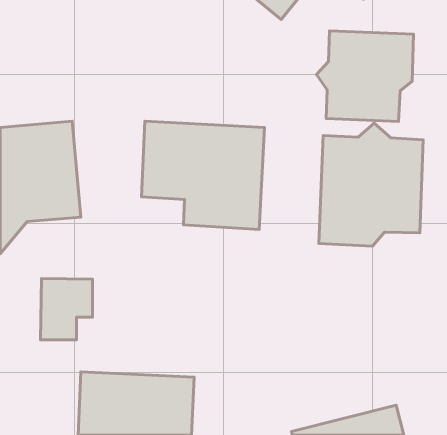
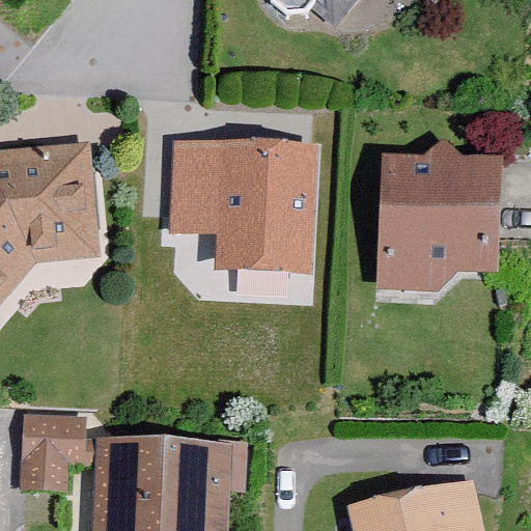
building: [317,31,414,122] -> none
building: [41,278,92,340] -> [22,414,83,486]

